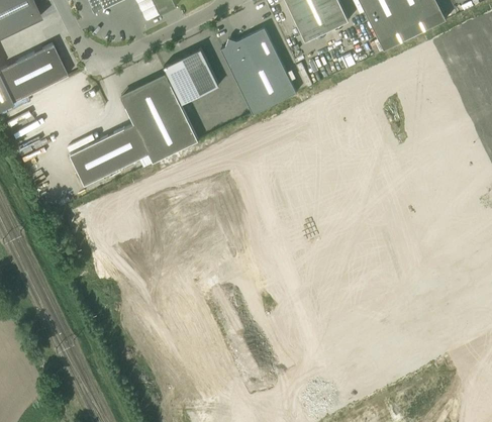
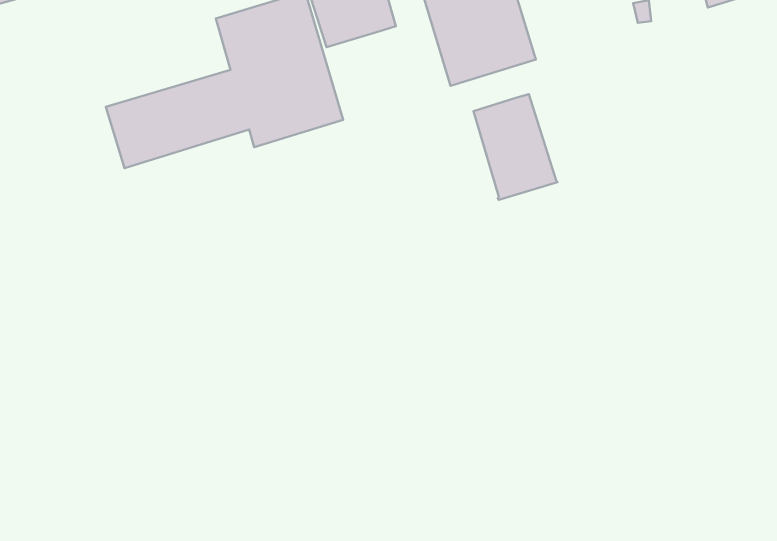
building: none -> [473,94,557,200]

